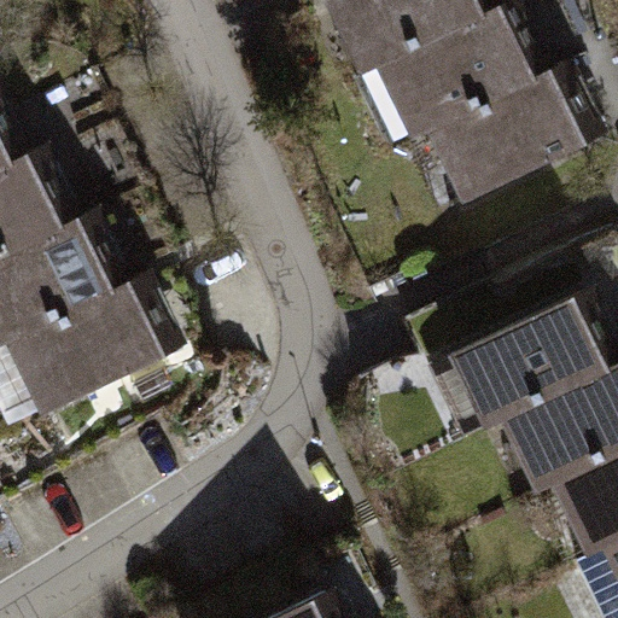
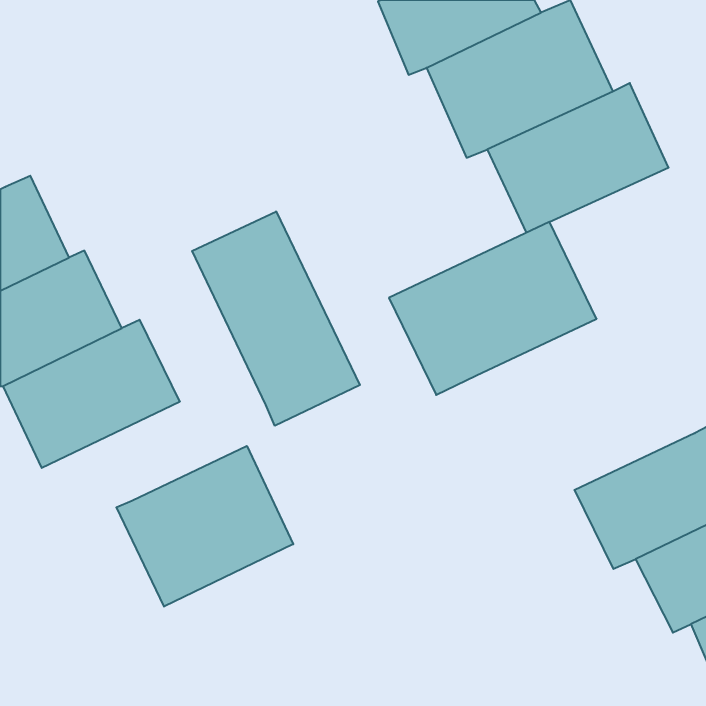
building: none -> [192,211,360,426]
building: [426,295,607,445] -> [389,222,597,395]
building: none -> [116,446,293,607]

